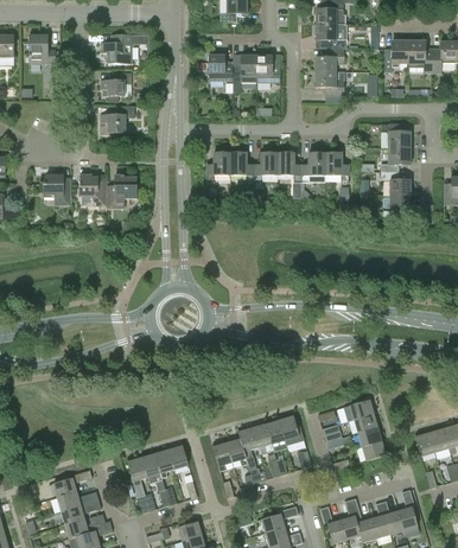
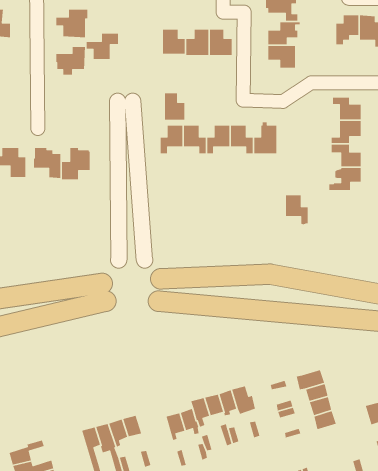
building: [101,106,134,133] -> [86,33,119,60]
building: none -> [164,93,185,120]
building: [325,152,349,183] -> [285,195,309,225]

